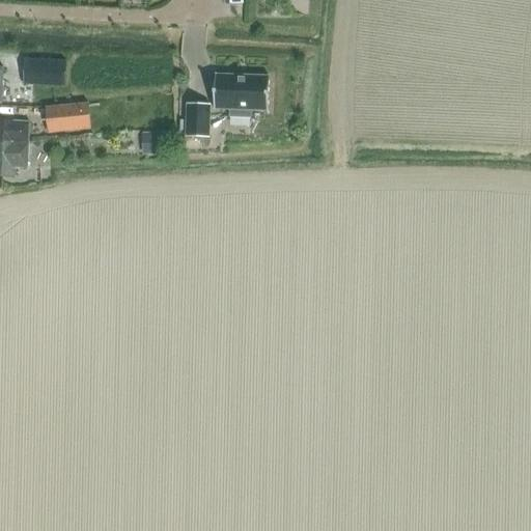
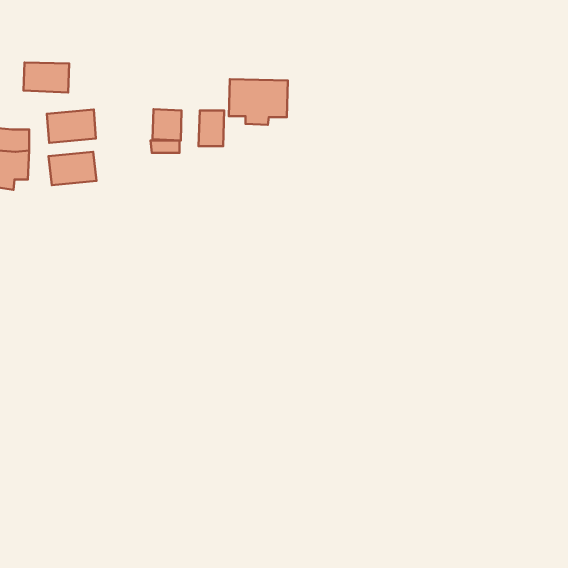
building: none -> [152,109,182,141]
building: none -> [48,152,96,185]

